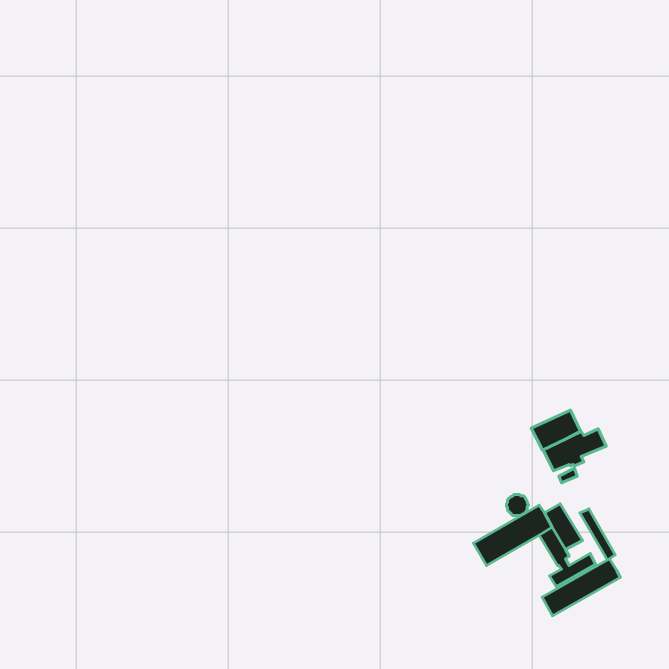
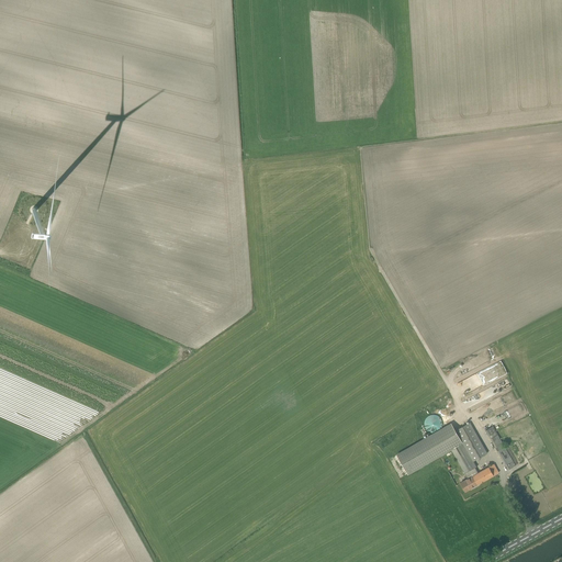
building: [531,410,581,450] -> none
building: [542,559,620,616] -> none

